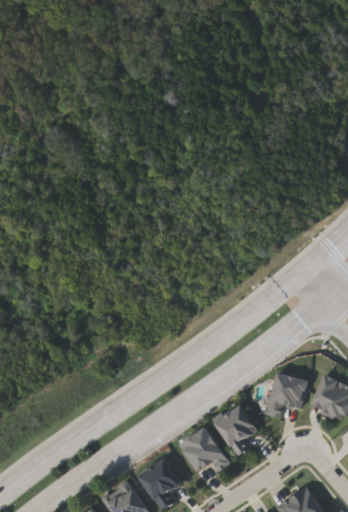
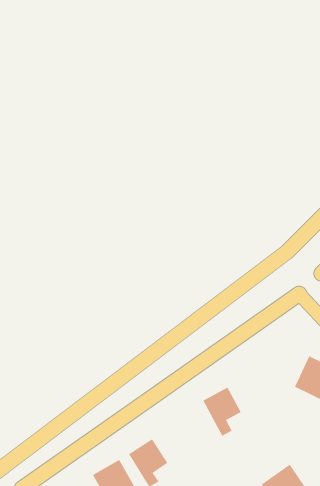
building: [266,373,307,418] -> none
building: [180,427,229,480] -> none

